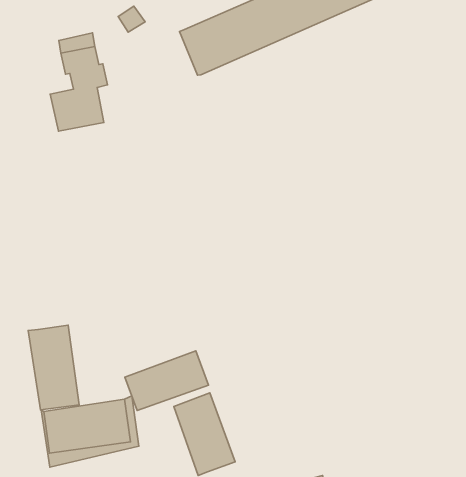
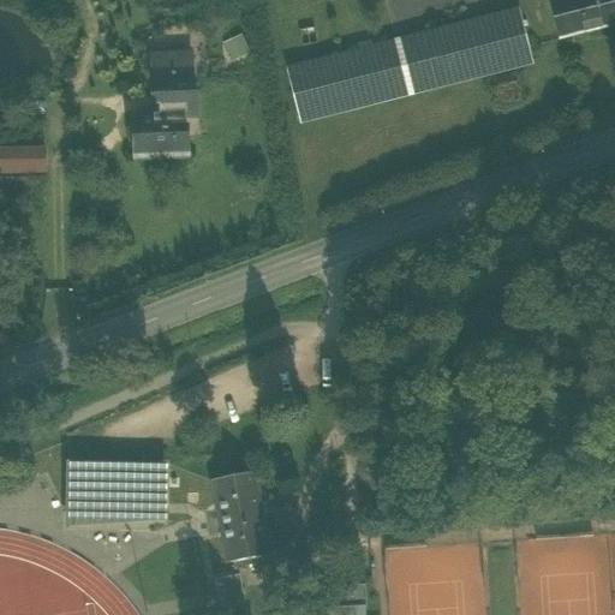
building: [28,325,79,410] -> none
building: [125,351,208,411] -> none

